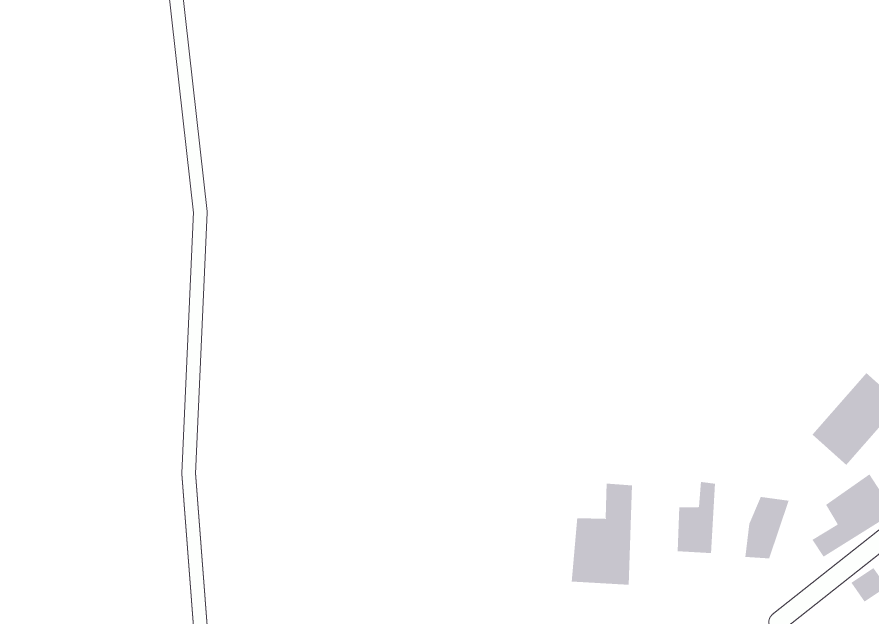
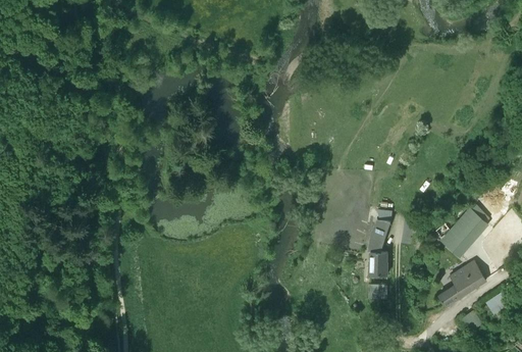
building: [571,483,633,585] -> none
building: [744,497,789,559] -> [369,222,393,255]

